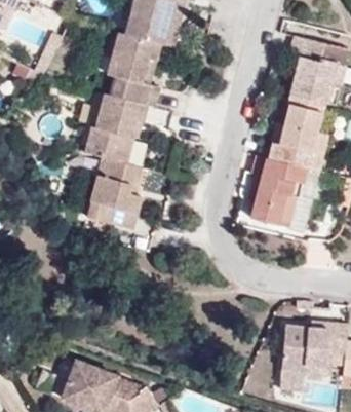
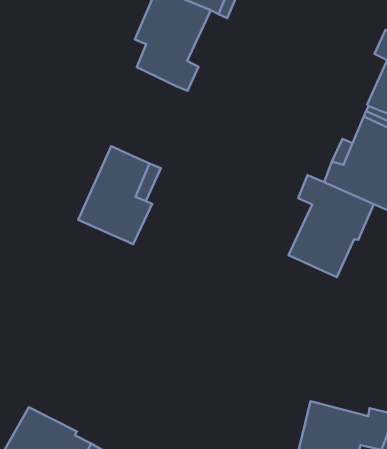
building: [85,93,144,164] -> none

